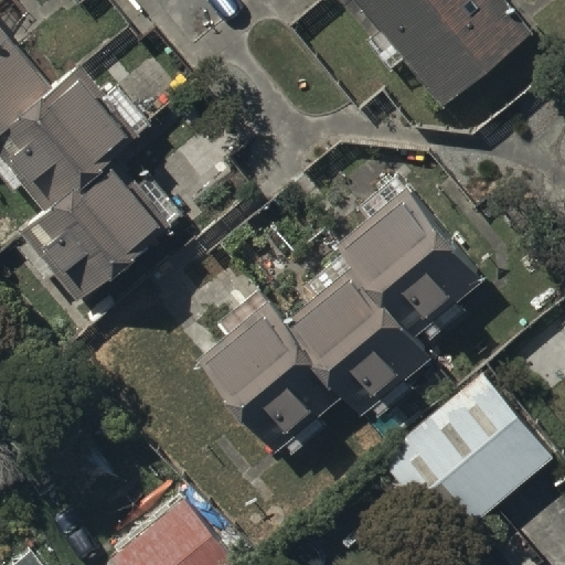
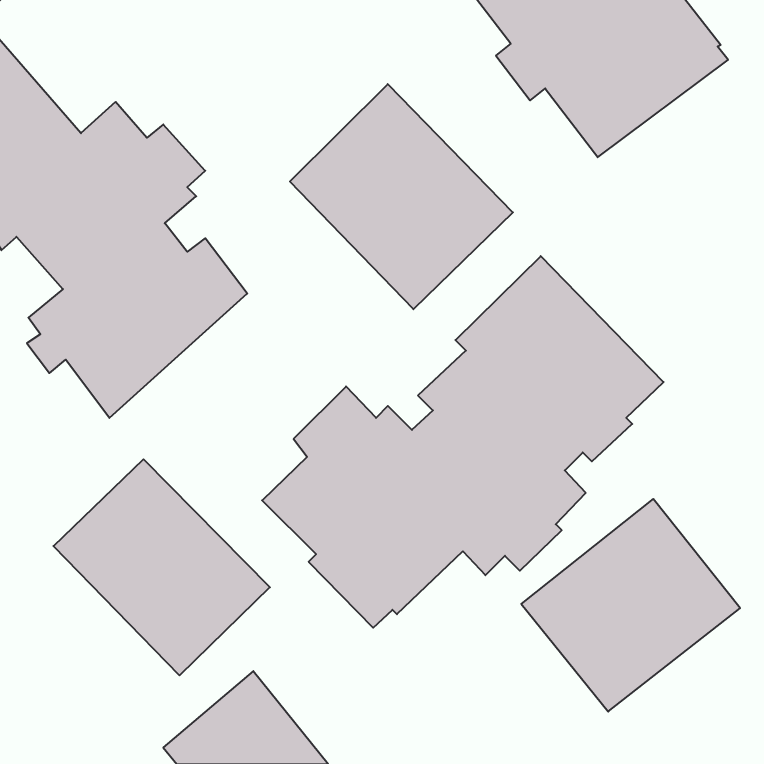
building: none -> [290,84,513,309]
building: none -> [53,459,270,675]

